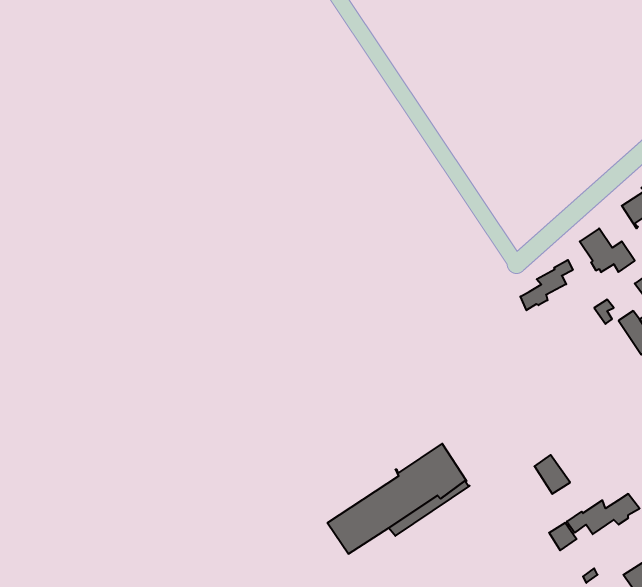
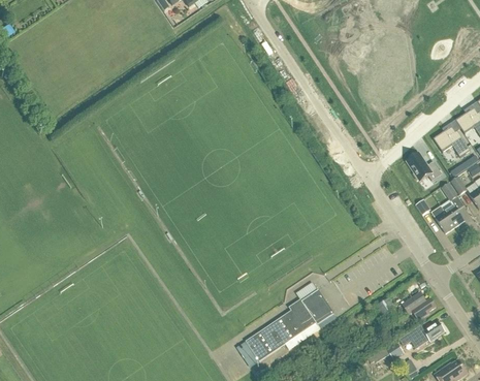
building: [520,260,573,310] -> none
building: none -> [401,291,435,319]

